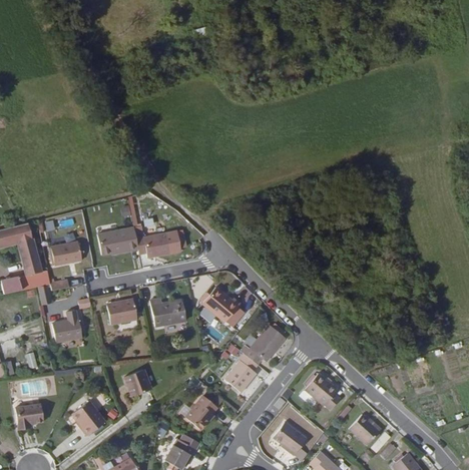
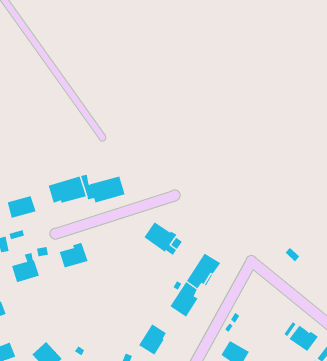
building: [152,300,185,328] -> none
building: [303,371,338,407] -> none
building: [125,373,149,396] -> none

